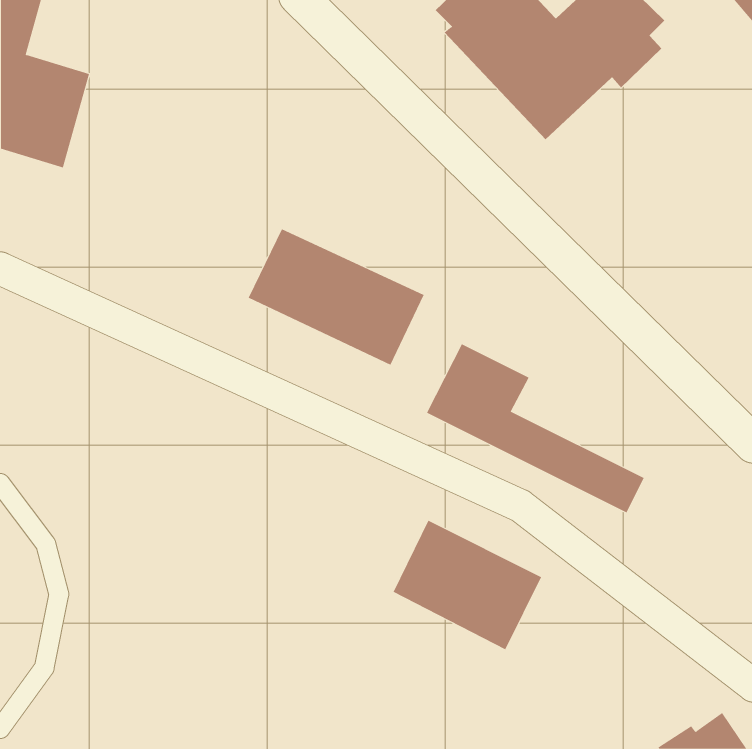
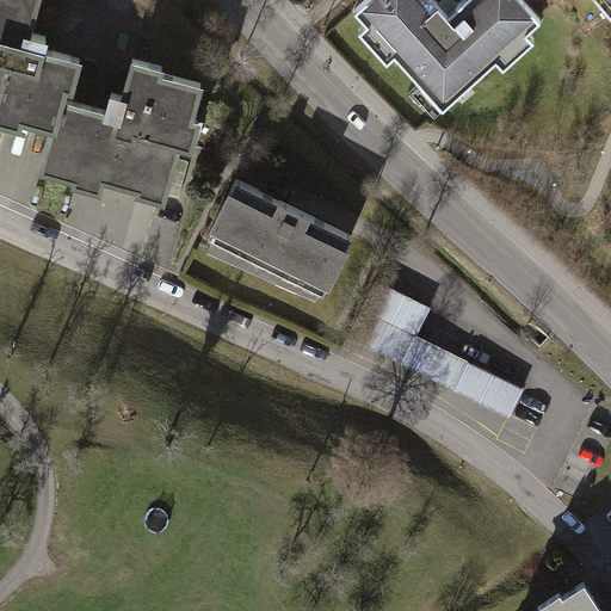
building: none -> [47,64,211,205]
building: [393,520,542,650] -> none

